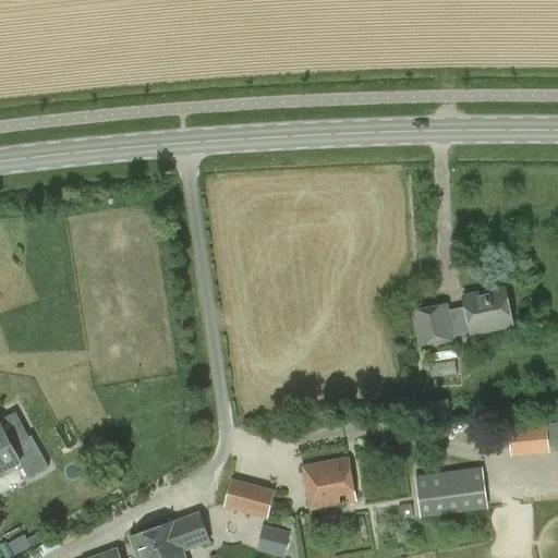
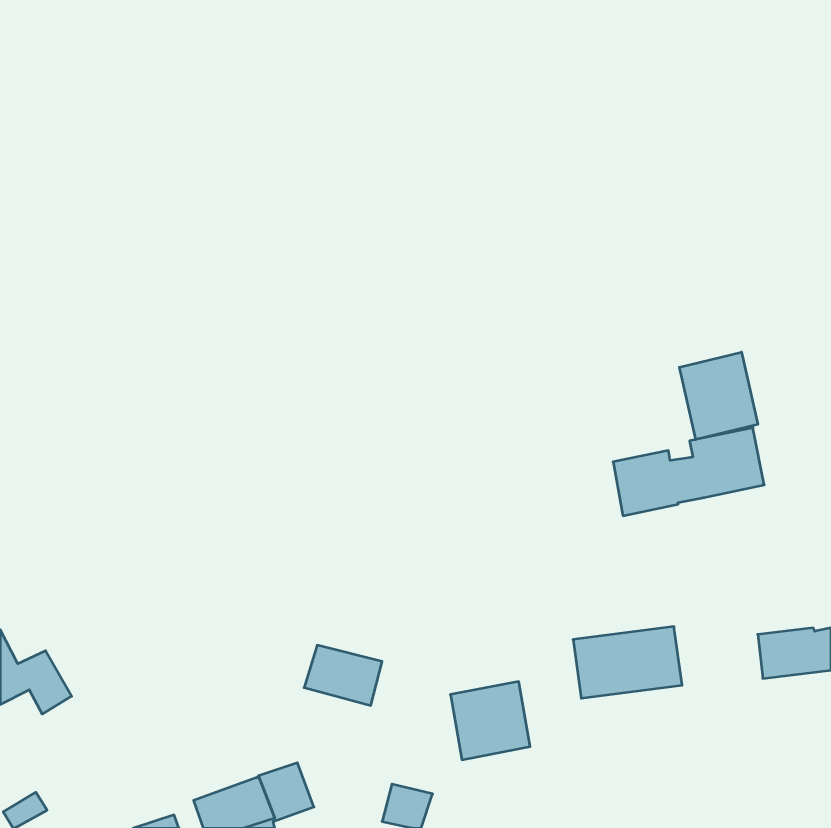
building: none -> [679,352,758,440]
building: [415,468,488,515] -> [573,627,682,698]
building: [222,478,275,519] -> [304,645,382,705]

